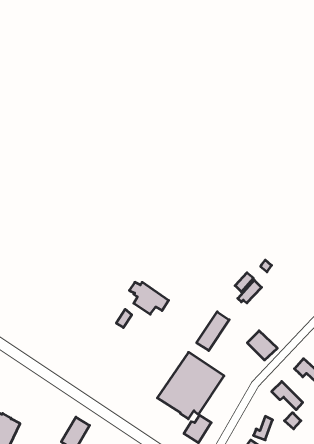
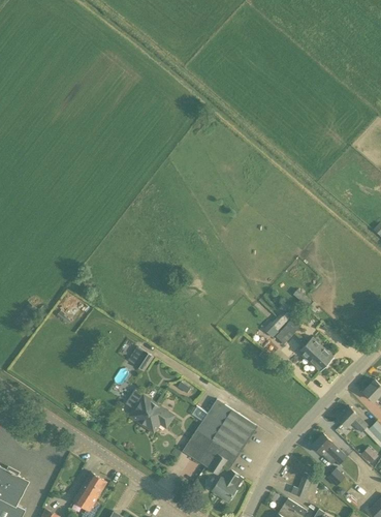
building: [129,282,169,314] -> [128,395,172,431]
building: [197,312,229,351] -> none
building: [247,331,277,360] -> [297,337,331,370]

